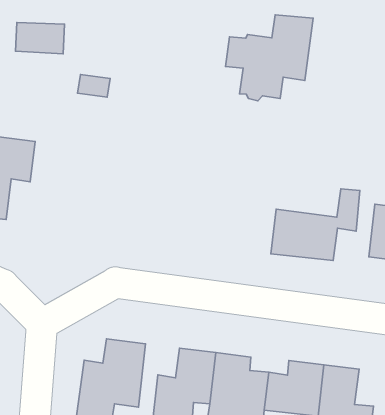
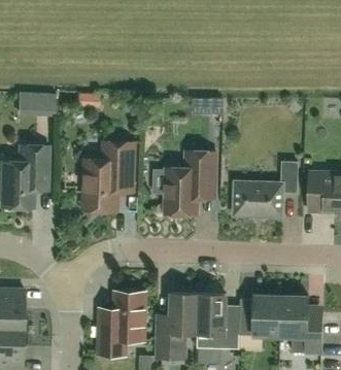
building: [225,15,313,101] -> [152,152,215,217]
building: [16,23,64,54] -> [24,93,61,116]
building: none -> [83,141,134,210]

